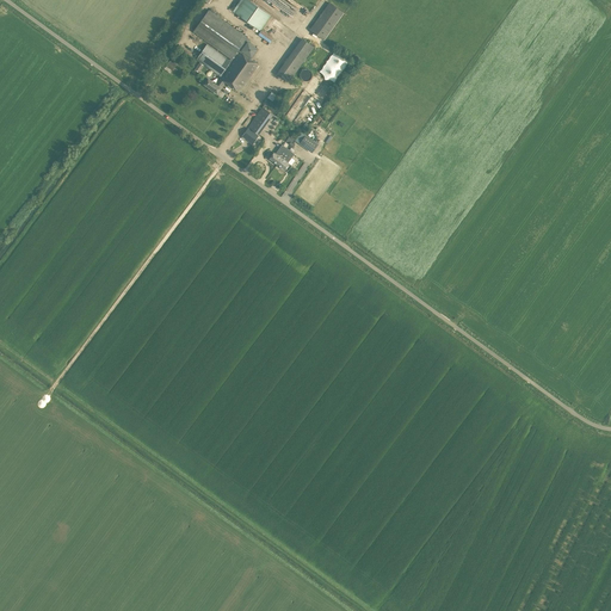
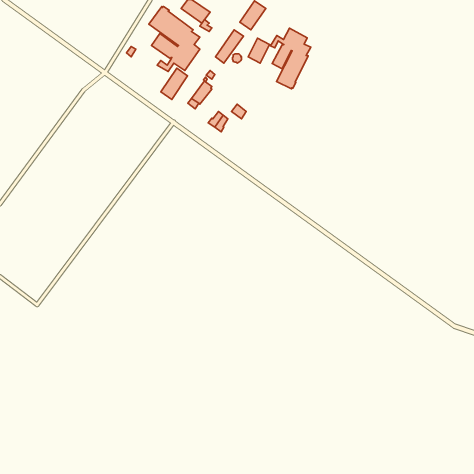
building: none -> [271,28,311,89]
building: none -> [161,68,187,99]

